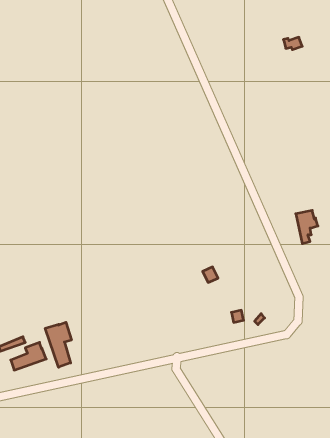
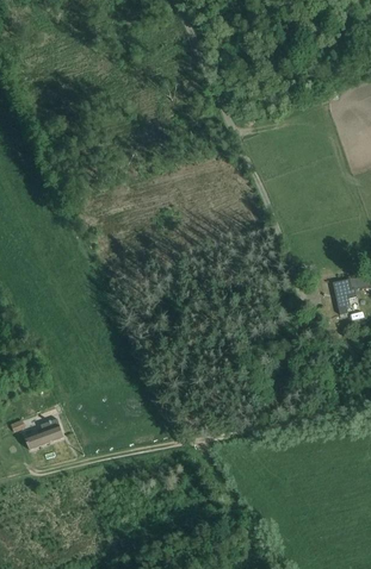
building: [45,322,71,367] -> none

